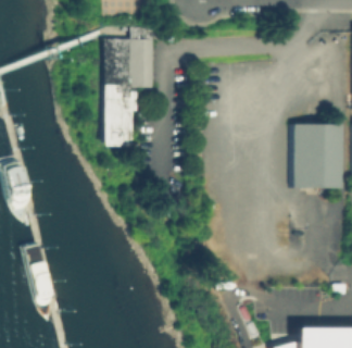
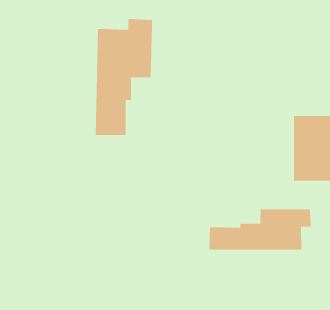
building: none -> [209,208,311,251]

